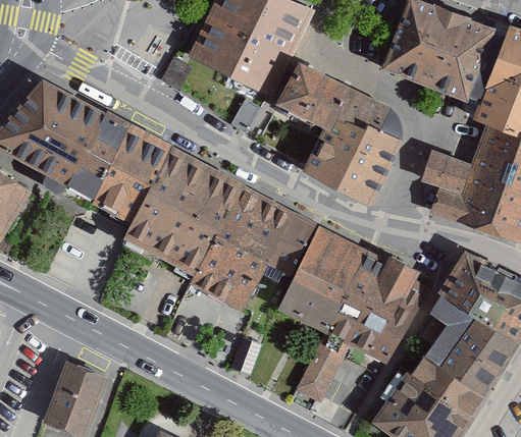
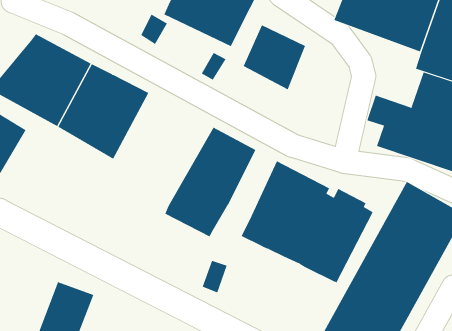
building: [307,93,404,206] -> none
building: [123,147,246,276] -> none
building: [263,212,318,287] -> none
building: [297,342,350,403] -> none

